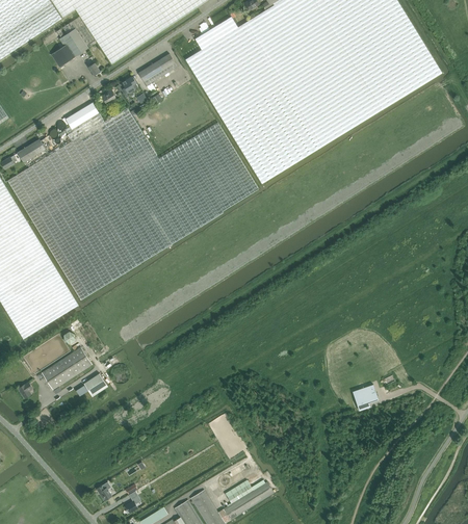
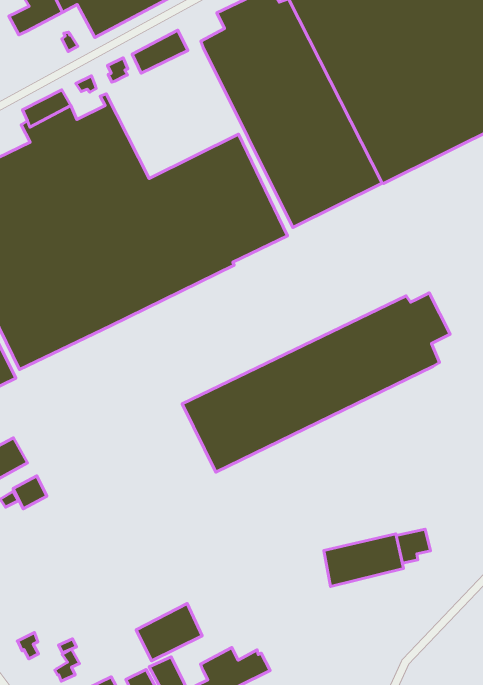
building: none -> [182,293,450,472]
building: none -> [324,534,404,587]
building: none -> [136,603,202,661]

